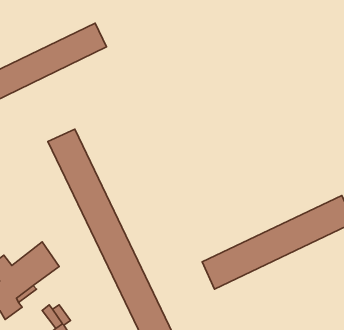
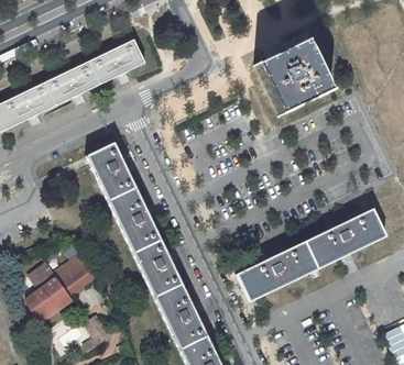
building: none -> [255,40,330,114]

